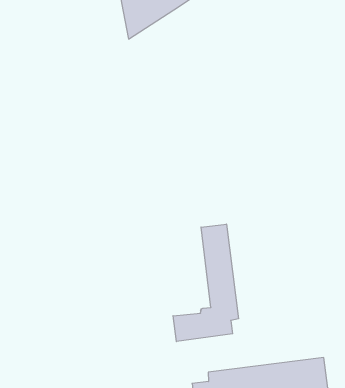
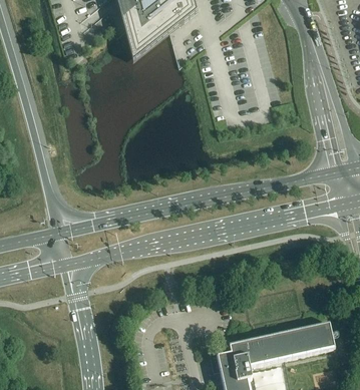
building: [173,224,238,342] -> none

